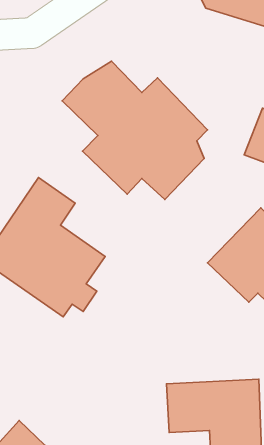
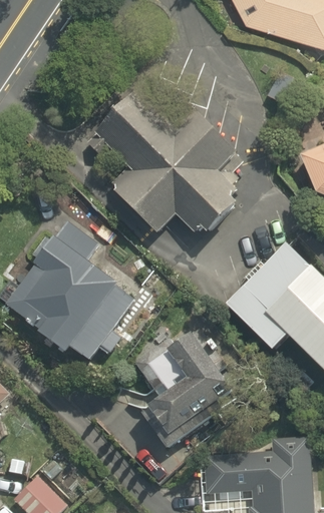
building: none -> [136,333,235,449]

